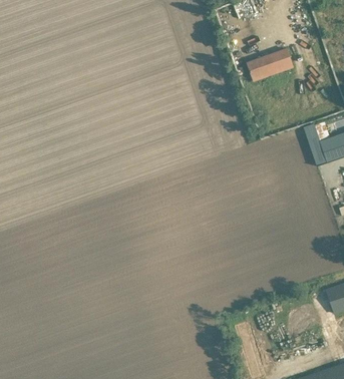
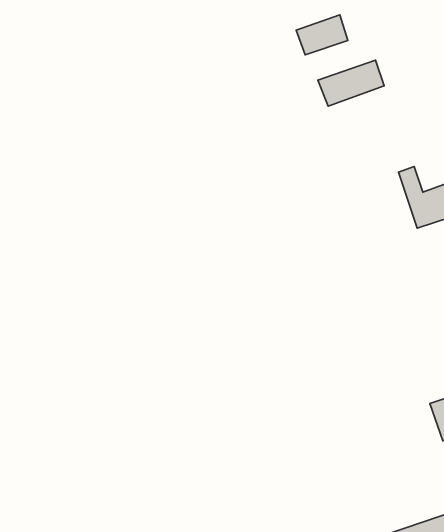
building: none -> [296,15,348,55]

